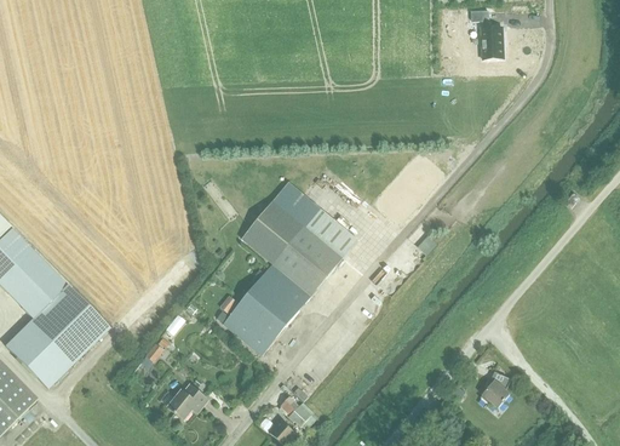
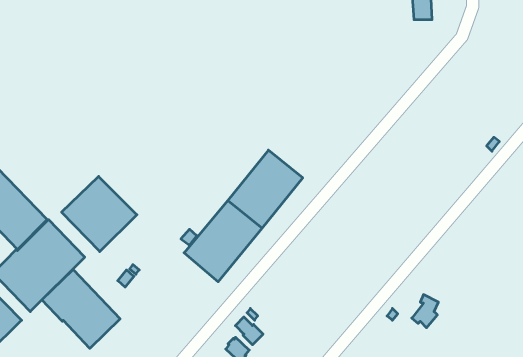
building: [242,182,317,263] -> none
building: none -> [62,176,137,252]
building: none -> [42,269,120,348]
building: [168,384,208,421] -> none

